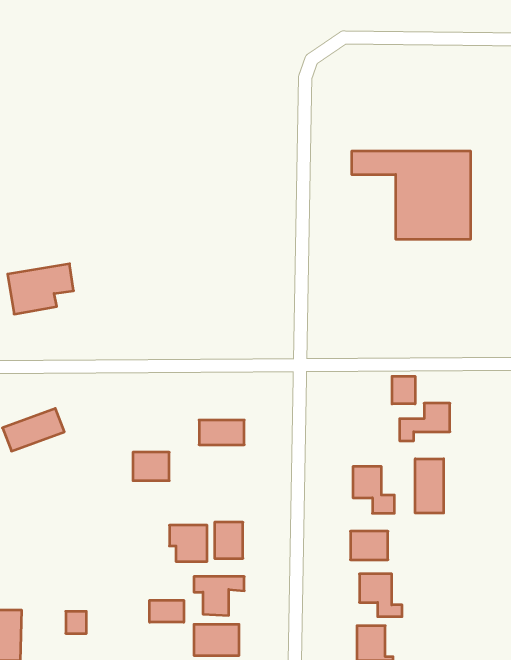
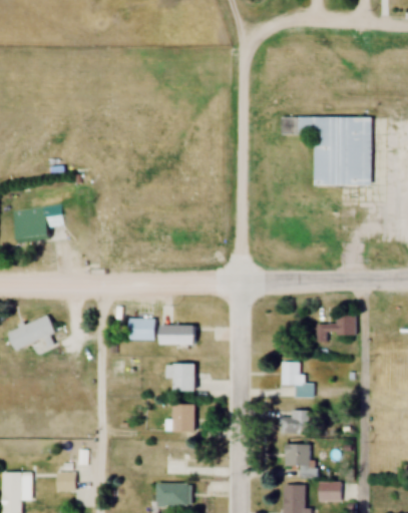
building: [392,376,415,404] -> none
building: [133,452,169,481] -> [128,320,156,342]
building: [415,459,444,513] -> none
building: [169,525,207,561] -> [166,364,195,392]
building: [150,600,184,622] -> none
building: none -> [317,482,340,502]

